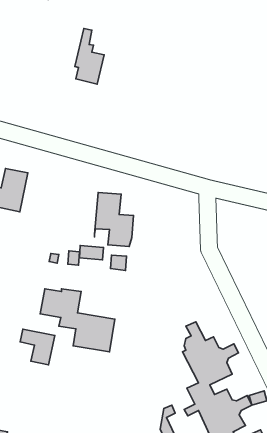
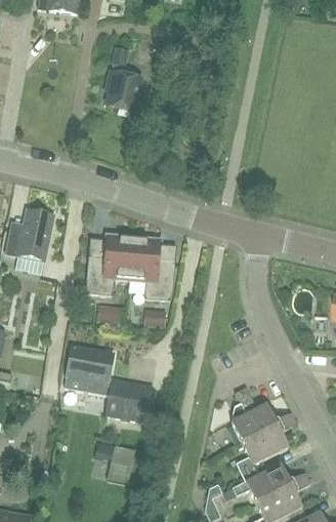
building: none -> [84,235,132,294]
building: [20,329,55,365] -> [93,441,133,482]

